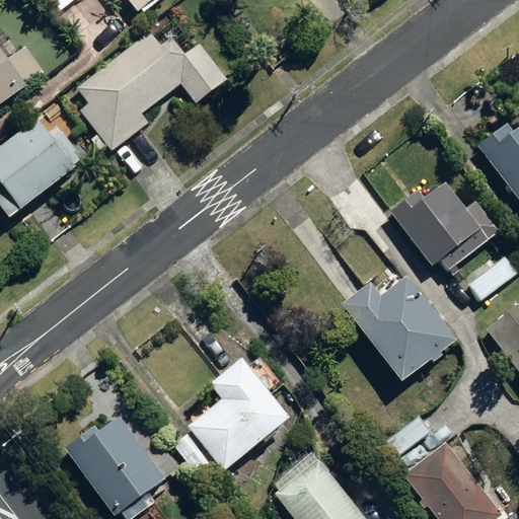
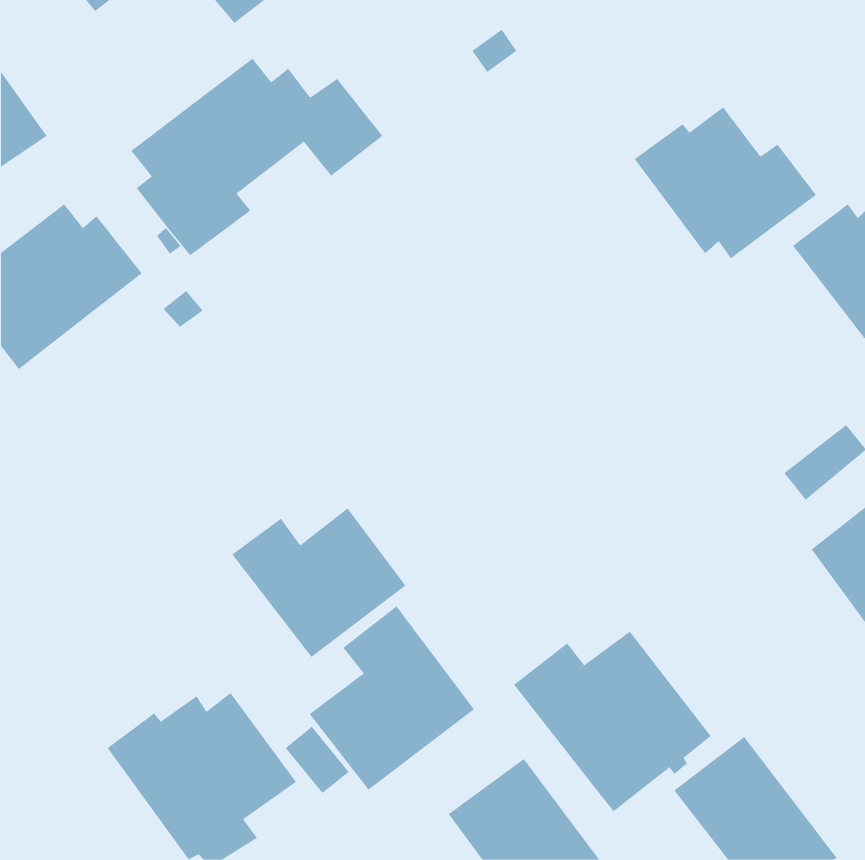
building: [389,177,499,269] -> [634,107,817,259]
building: [338,275,456,383] -> [513,631,712,812]
building: none -> [232,508,406,658]

